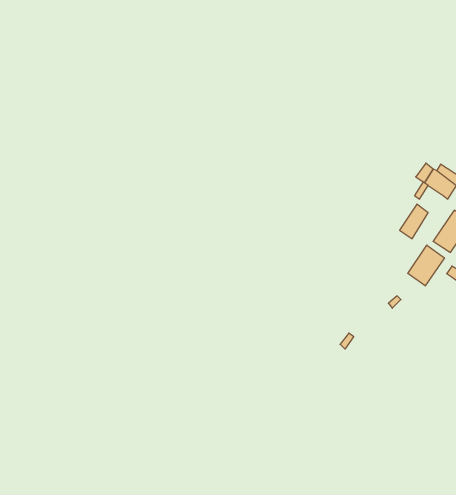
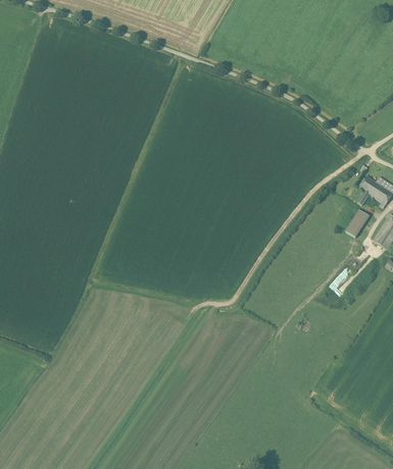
building: [408,245,444,286] -> none

